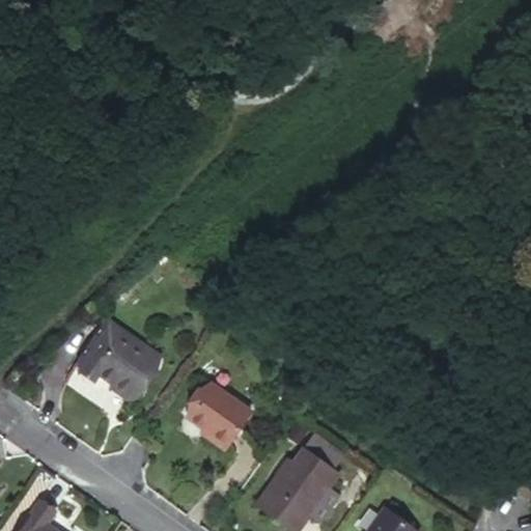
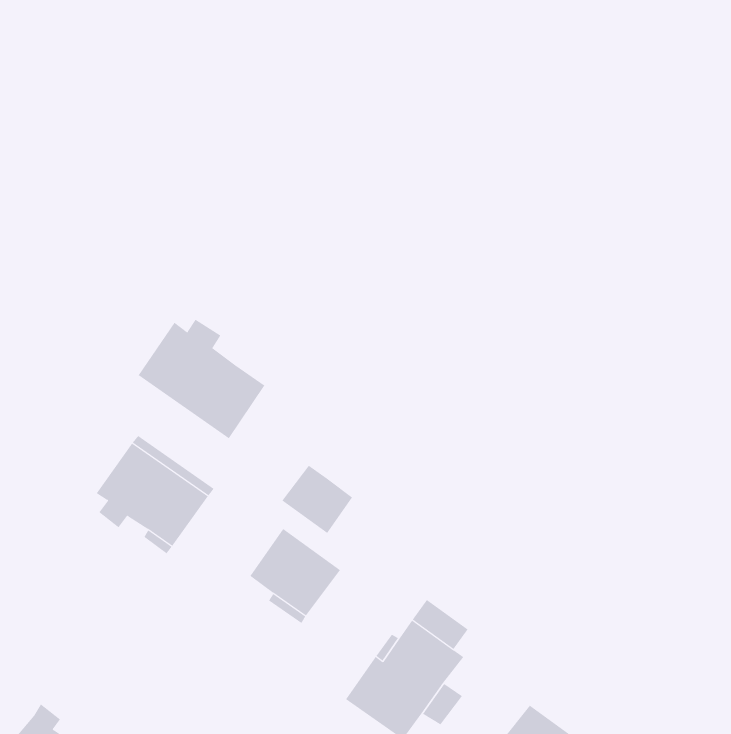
building: none -> [138,319,265,439]
building: none -> [282,465,353,534]

